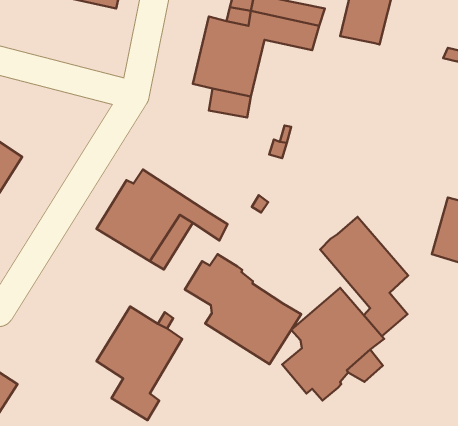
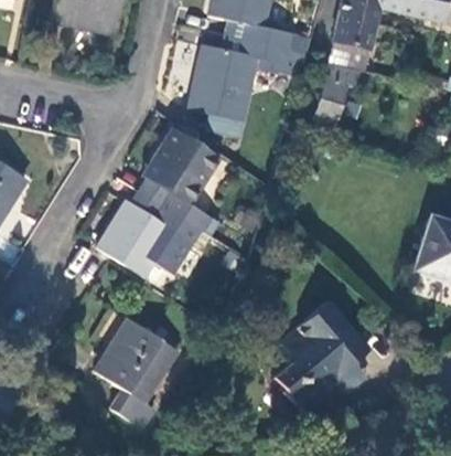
building: none -> [314,62,361,127]
building: none -> [140,126,221,231]
building: [320,217,408,336] -> none
building: [185,254,301,364] -> none

